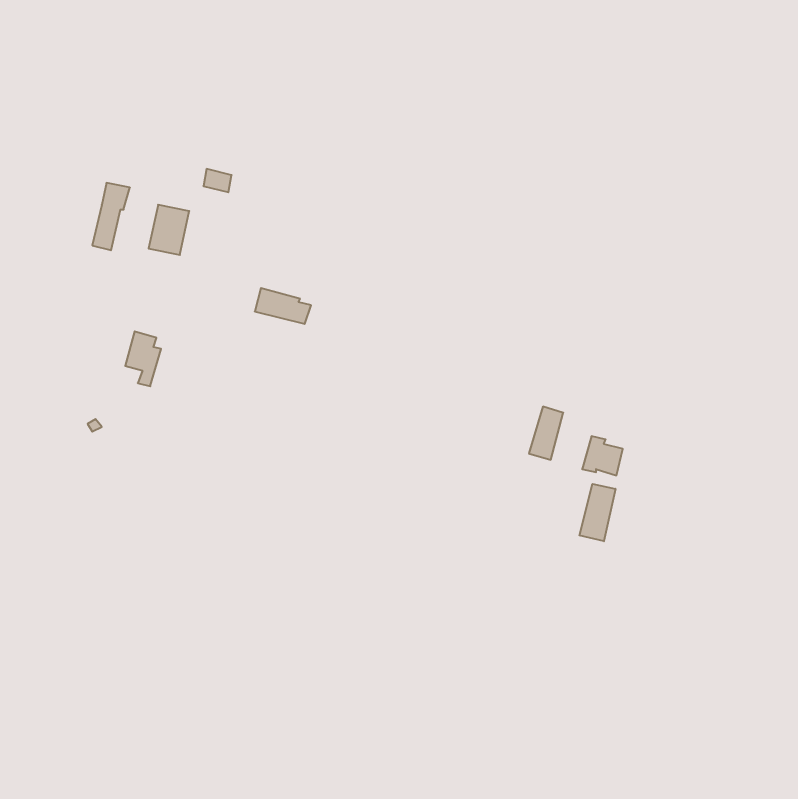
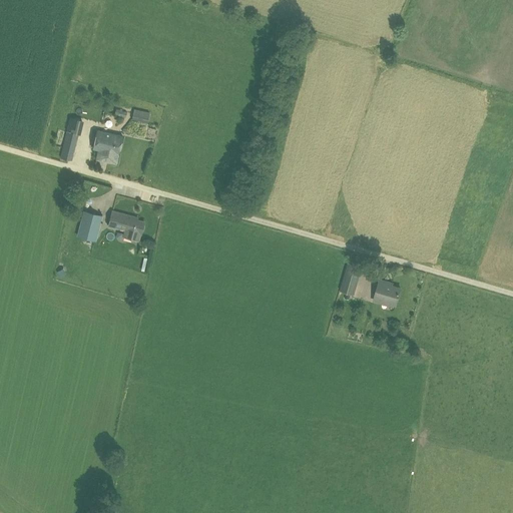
building: [255,288,311,324] -> [107,210,143,233]
building: [579,484,615,541] -> none

